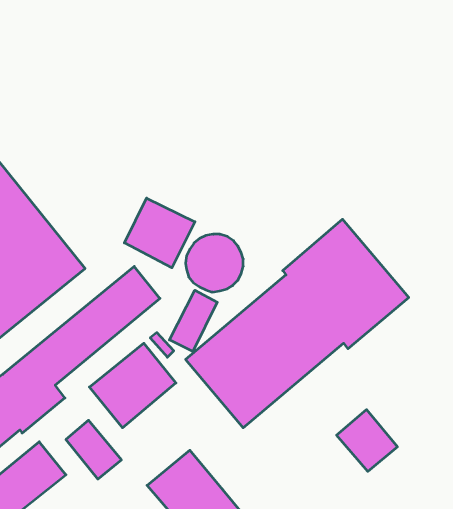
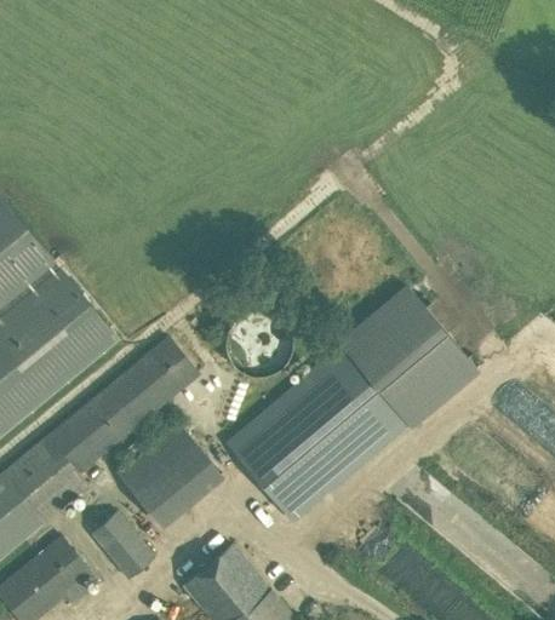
building: [124,198,195,268] -> none
building: [169,290,217,352] -> none
building: [337,410,397,471] -> none

